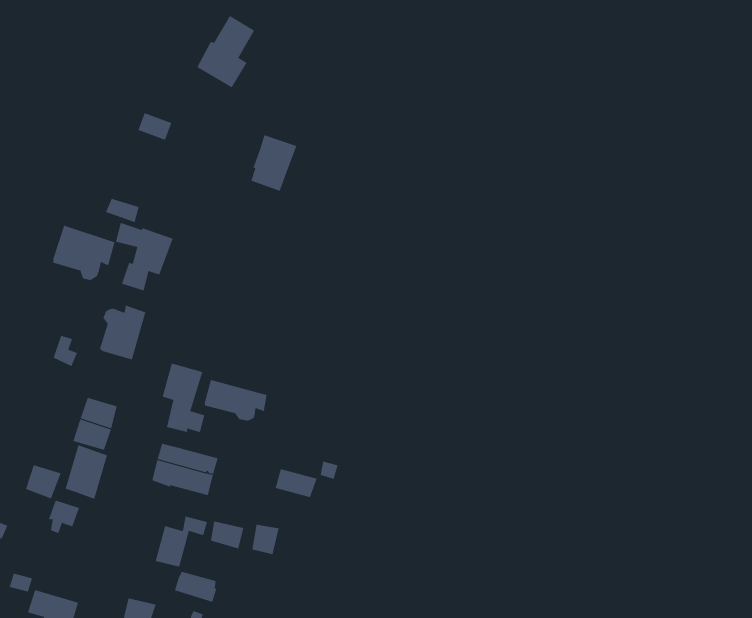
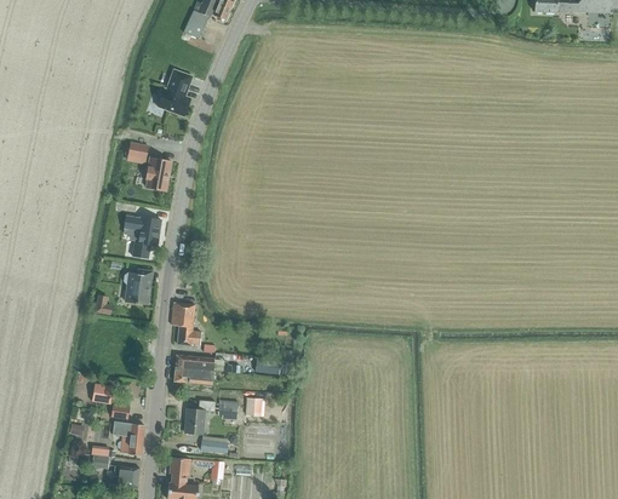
building: [250,135,297,191] -> [145,156,172,191]
building: [53,225,115,281] -> none
building: [204,379,267,421] -> none
building: [65,444,108,499] -> [120,421,144,455]

